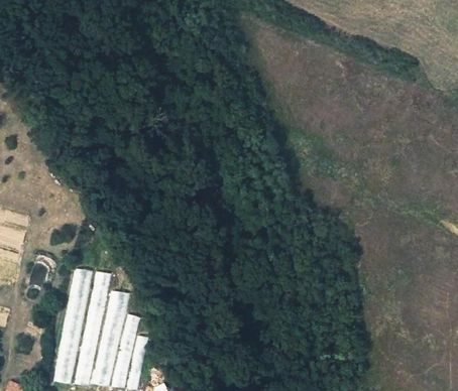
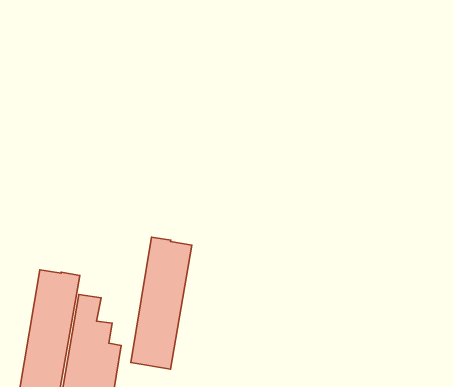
building: none -> [131,237,192,369]

